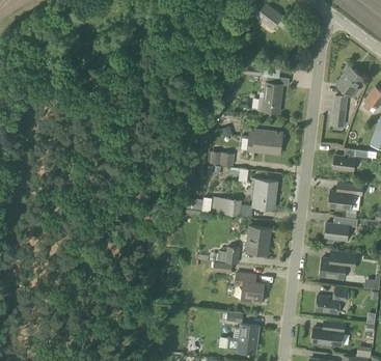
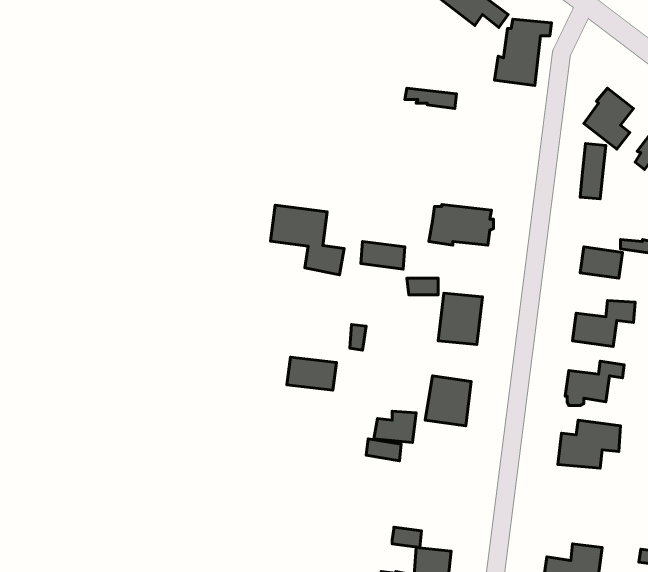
building: [257,76,290,113] -> [494,19,552,86]
building: none -> [270,205,344,275]
building: [214,197,242,216] -> [287,357,336,390]
building: [235,273,265,303] -> none
building: [316,287,349,314] -> none

